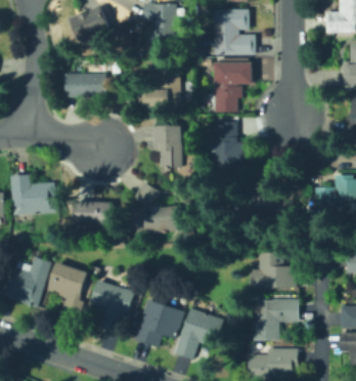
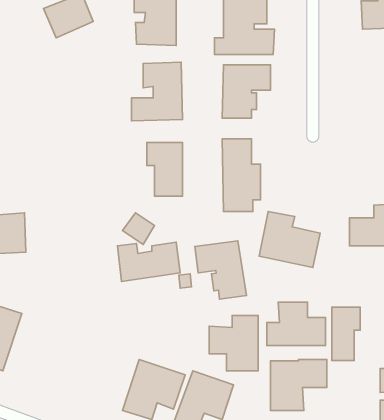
building: [66,73,107,97] -> none
building: [72,202,112,224] -> none
building: none -> [195,241,246,299]
building: none -> [332,307,360,361]
building: [47,262,88,321] -> none
building: none -> [209,316,258,371]
building: [90,280,135,335] -> none

